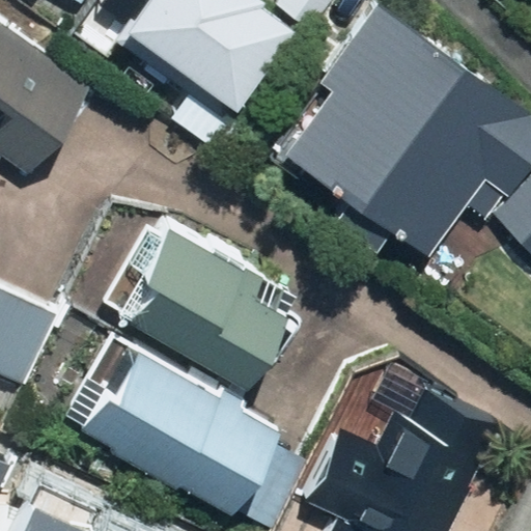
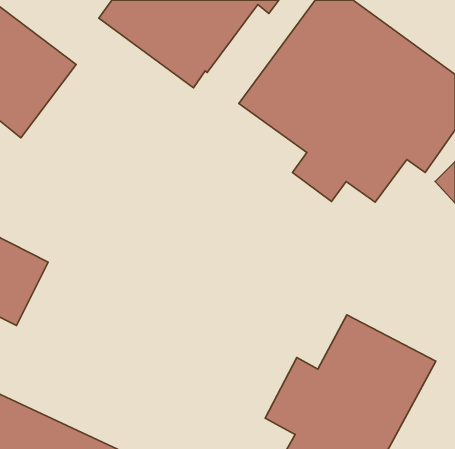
building: [118,214,299,382] -> none
building: [82,341,281,505] -> none

